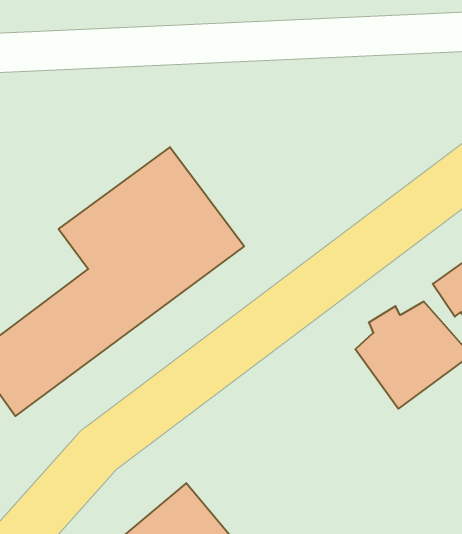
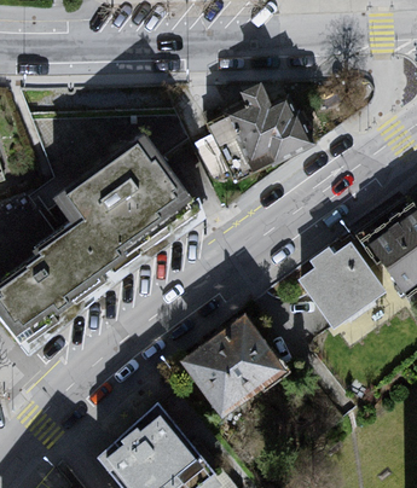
building: none -> [213,86,311,179]
building: none -> [180,330,288,430]

